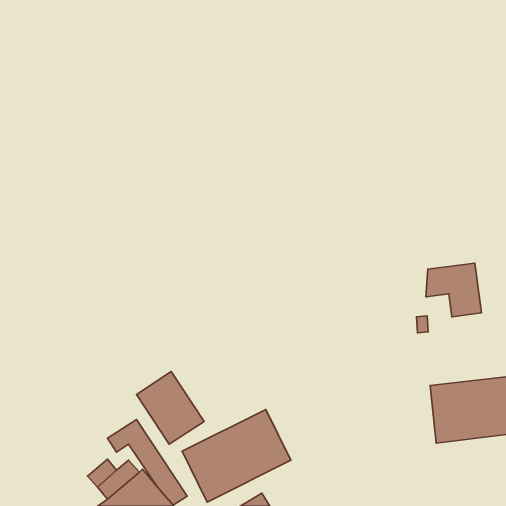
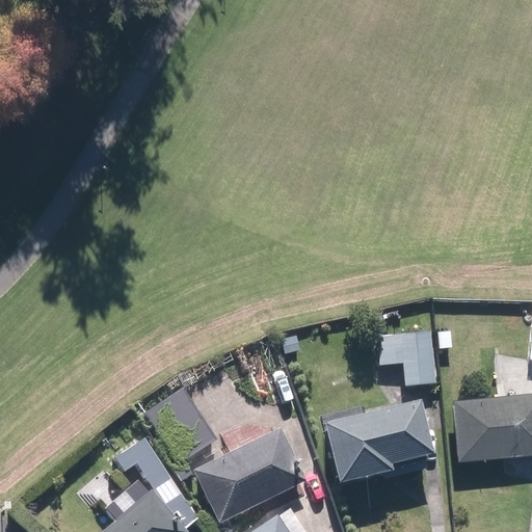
building: [426,263,482,317] -> [379,330,437,387]
building: none -> [321,401,430,484]

